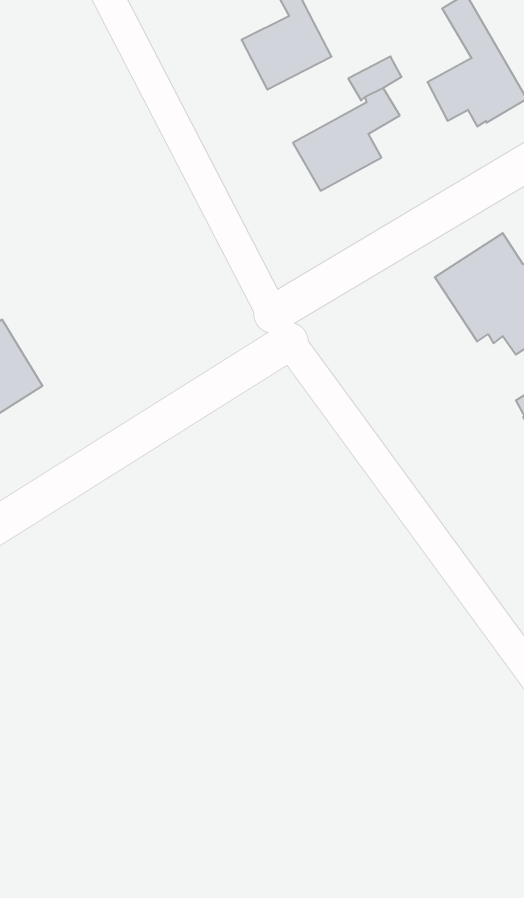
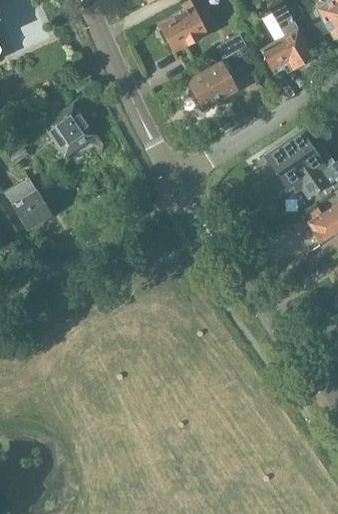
building: none -> [42,103,97,159]

